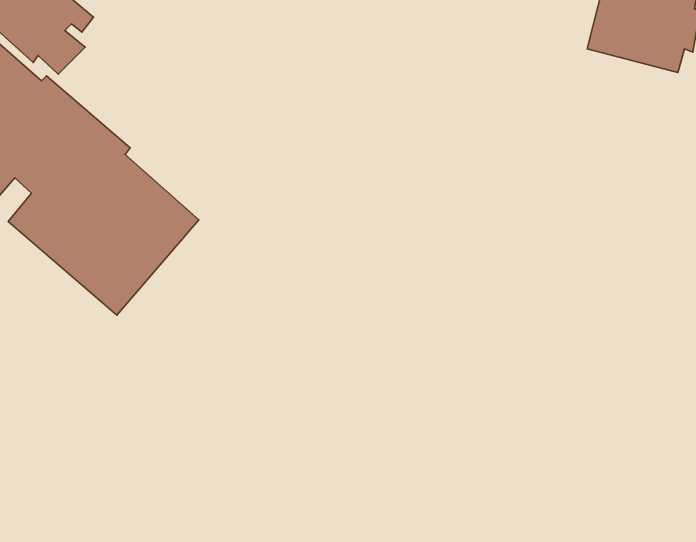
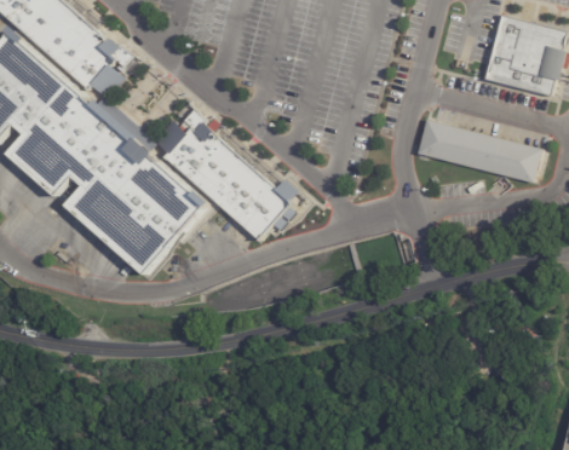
building: none -> [150,111,288,238]
building: none -> [420,121,545,184]

